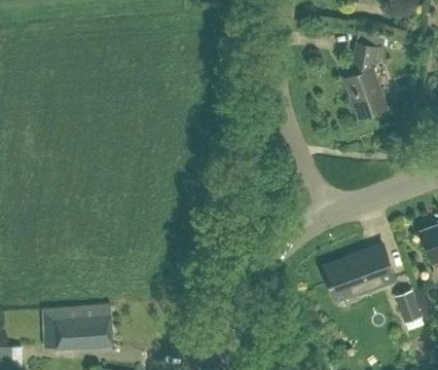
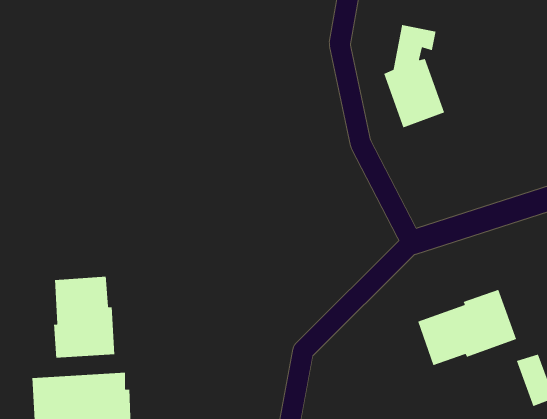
building: [343,42,389,118] -> [383,24,445,128]
building: none -> [53,276,115,358]

